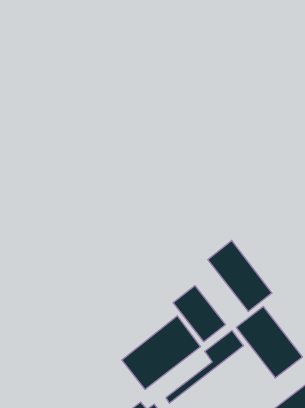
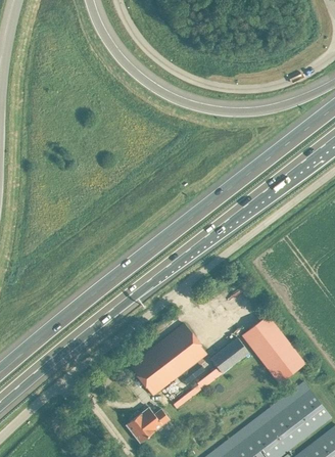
building: [208,240,272,311] -> none
building: [173,286,226,342] -> none

